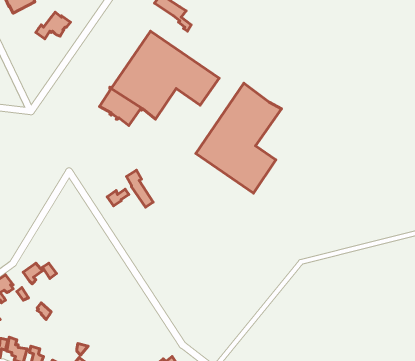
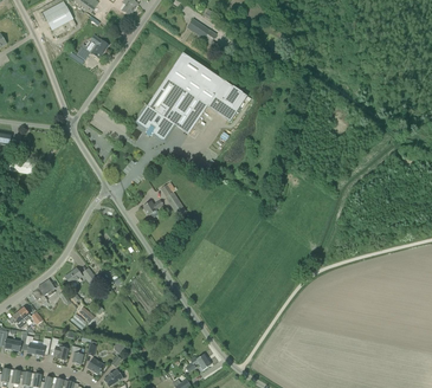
building: [196,83,281,193] -> none

